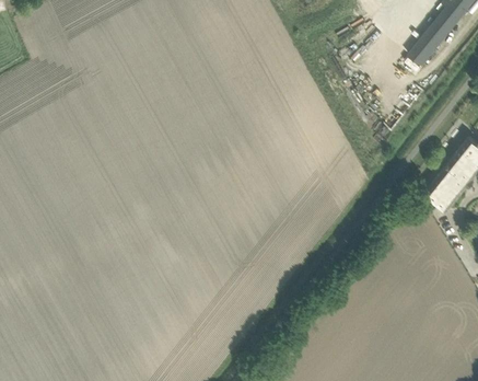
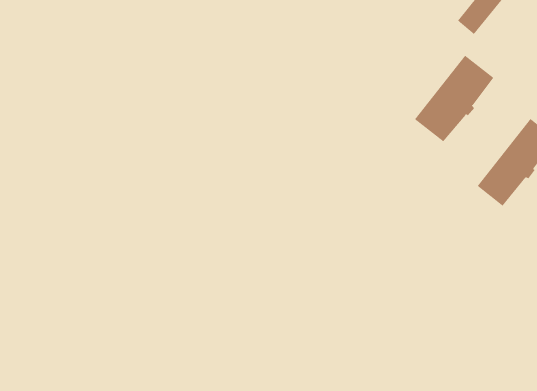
building: none -> [414,55,494,142]

